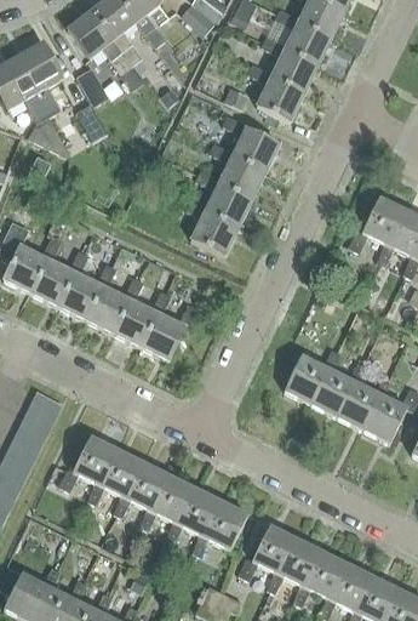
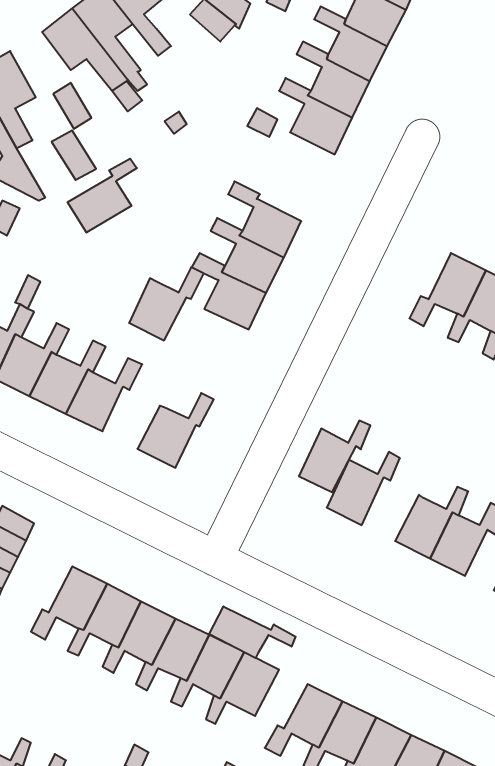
building: [223,114,280,172] -> none
building: none -> [68,159,137,233]
building: [114,290,171,346] -> [129,267,204,340]
building: [311,361,366,416] -> [299,421,370,492]
building: none -> [209,606,296,658]

